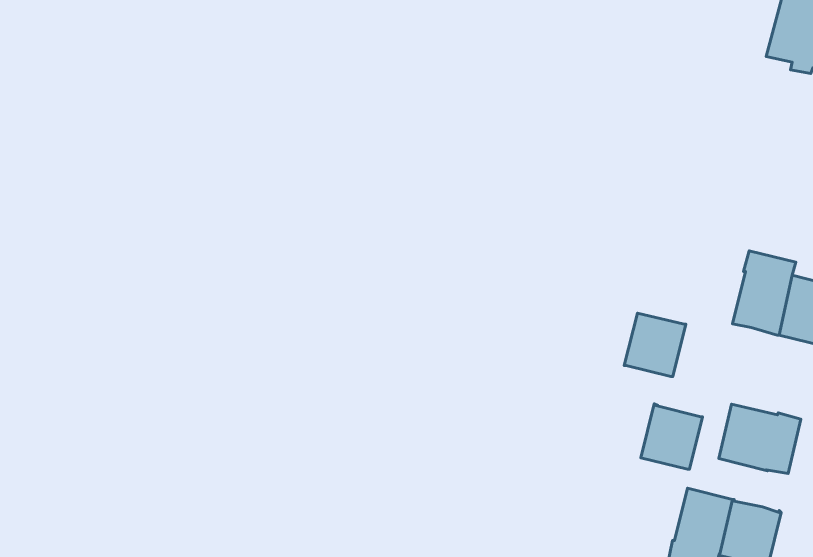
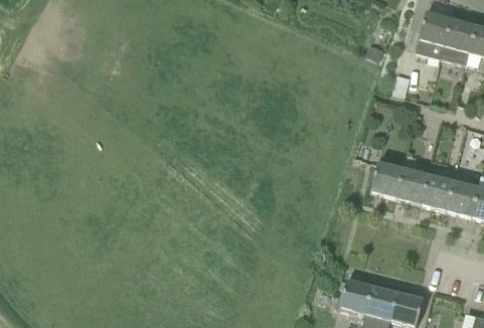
building: [624,313,686,377] -> [371,163,405,197]
building: [641,404,703,469] -> [340,279,373,314]
building: [719,404,801,473] -> none

